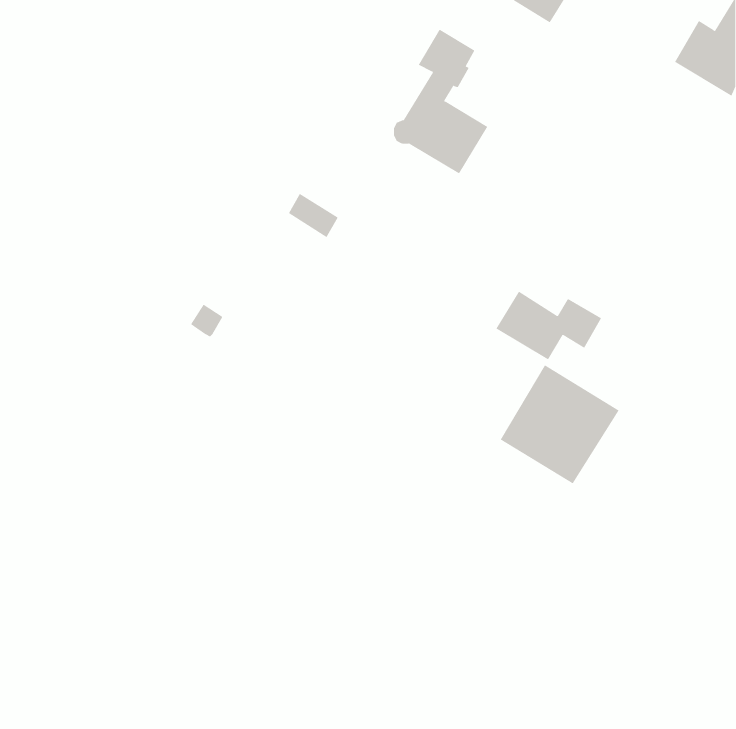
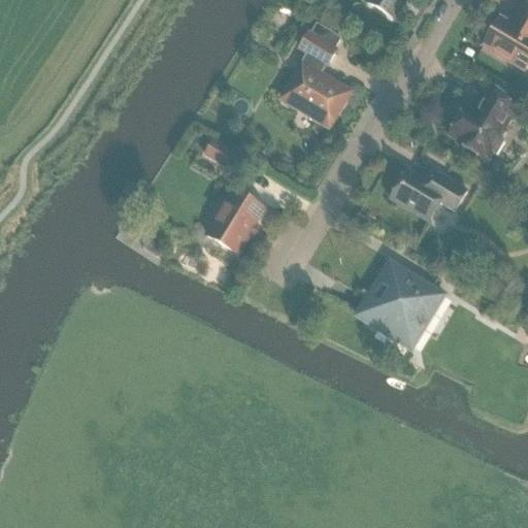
building: none -> [449,91,517,158]
building: none -> [207,189,264,252]
building: [495,291,602,360] -> [391,169,467,219]

